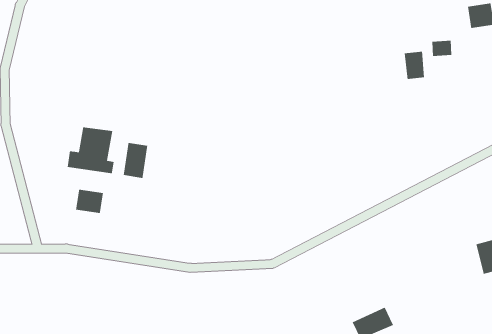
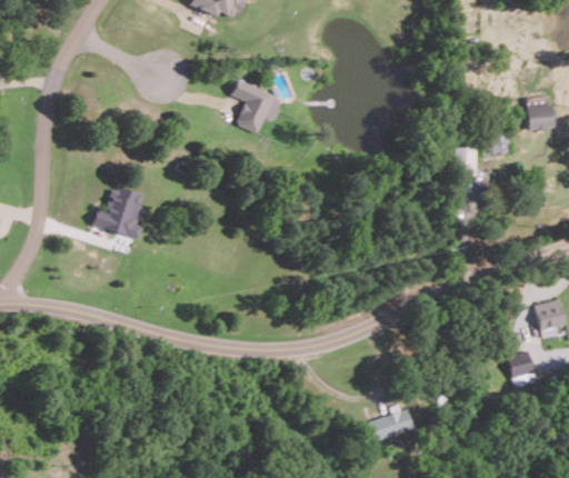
building: none -> [231,81,282,133]
building: [123,142,148,179] -> none
building: [75,189,103,214] -> none

